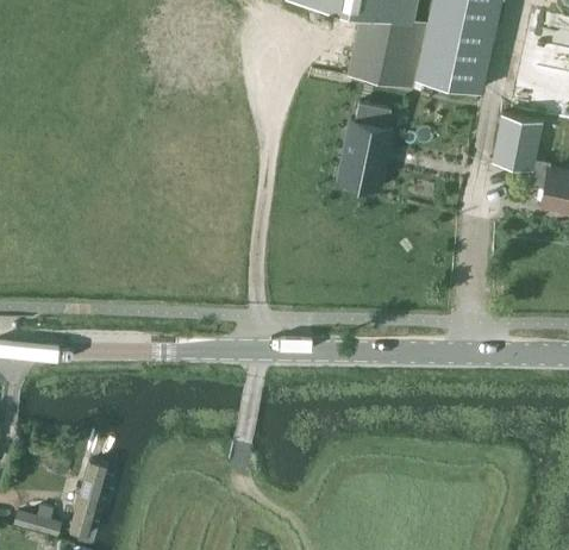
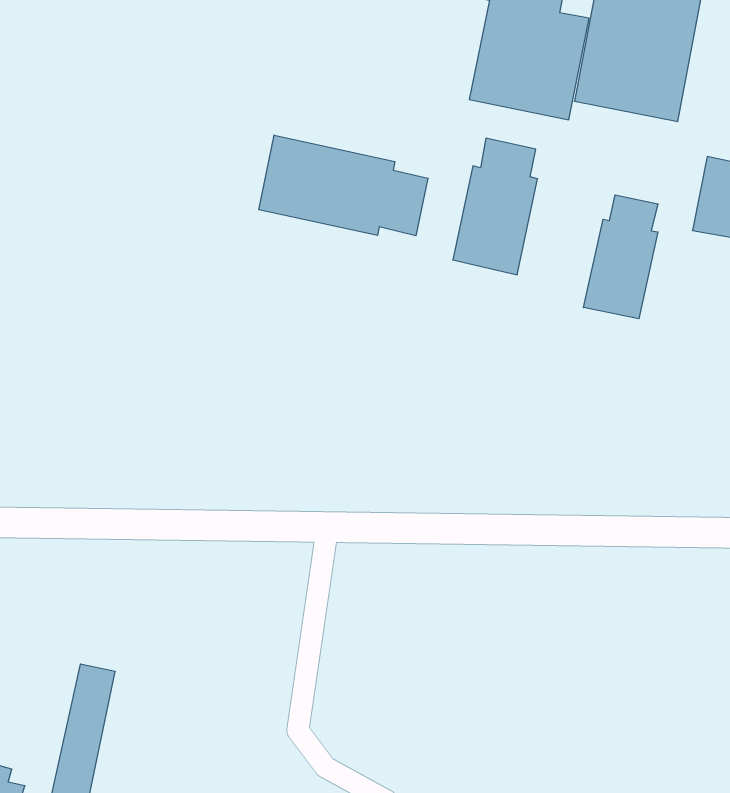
building: none -> [259,135,428,236]
building: none -> [584,195,658,319]

